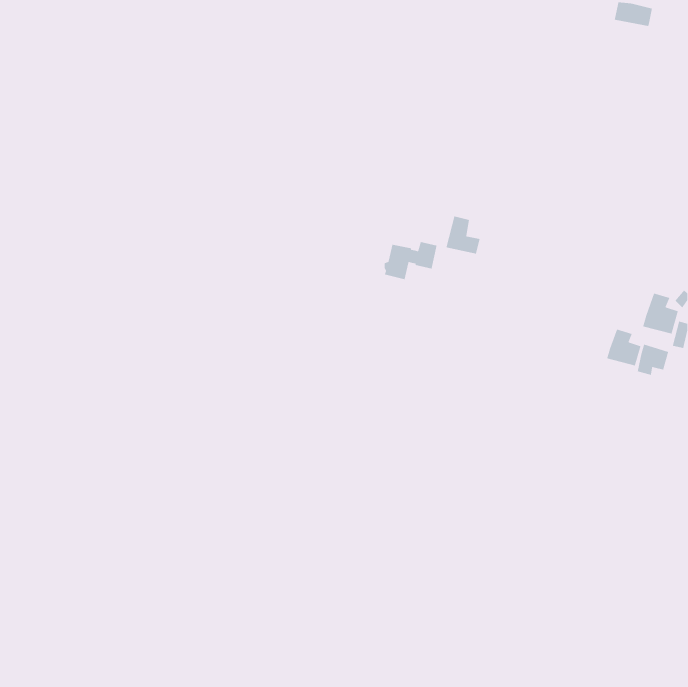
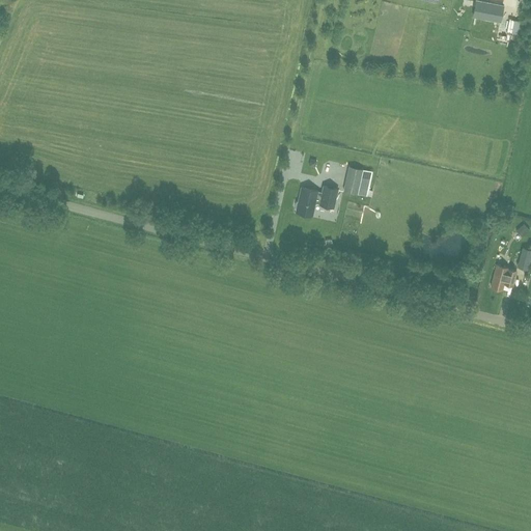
building: [642,292,679,334] -> none
building: [606,329,641,367] -> none

